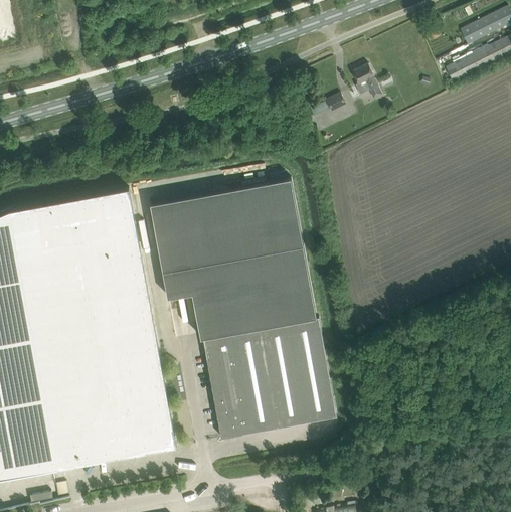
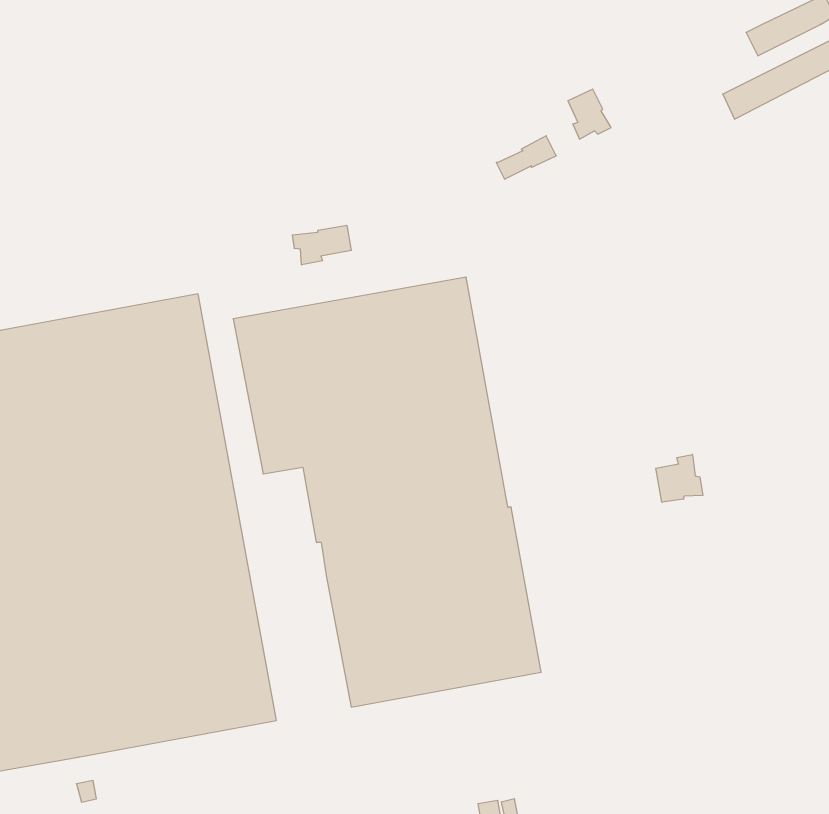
building: none -> [293,225,351,265]
building: none -> [656,454,703,502]

